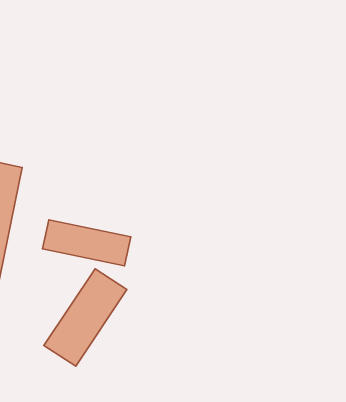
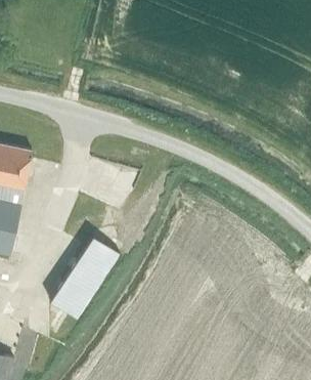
building: [42,220,131,266] -> none

